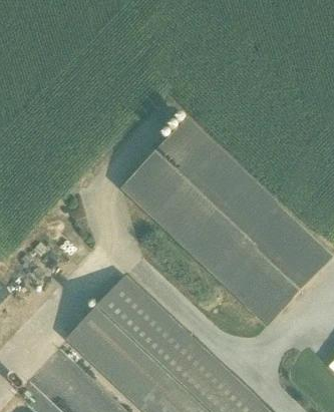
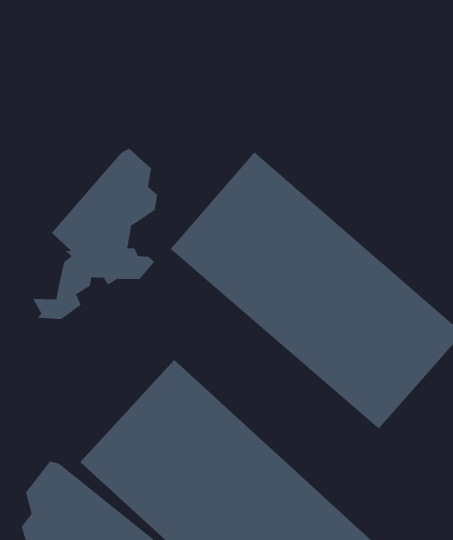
building: none -> [32,148,158,320]

